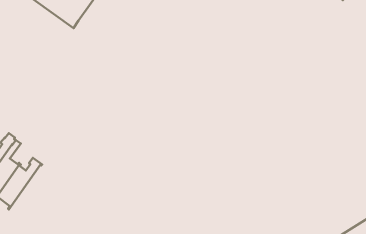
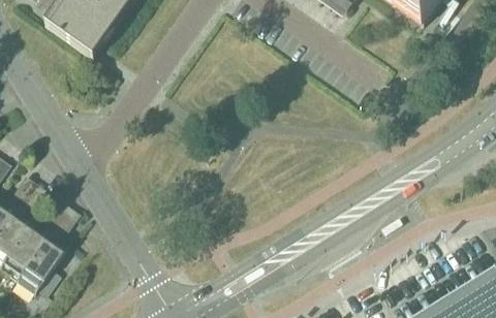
building: none -> [16,222,64,289]

